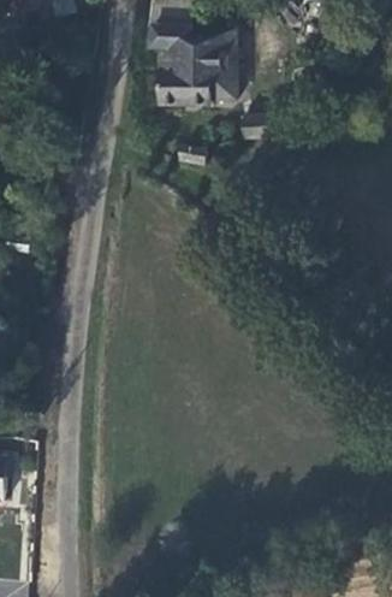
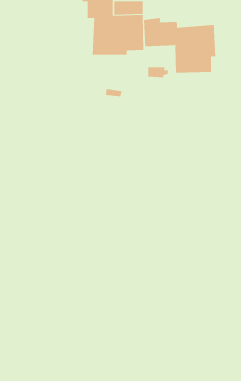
building: none -> [144,17,216,73]

